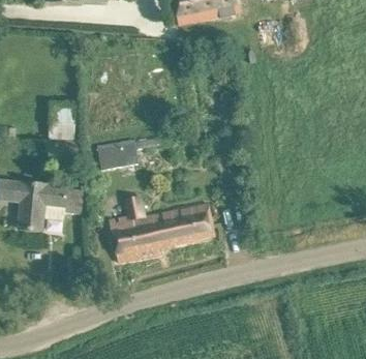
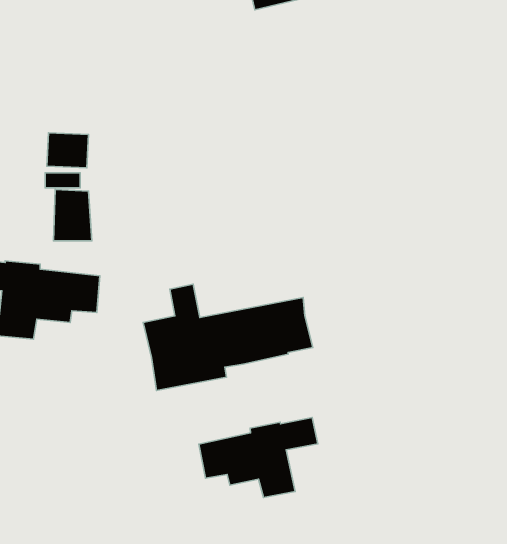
building: [98,144,136,172] -> none
building: none -> [199,418,318,498]

